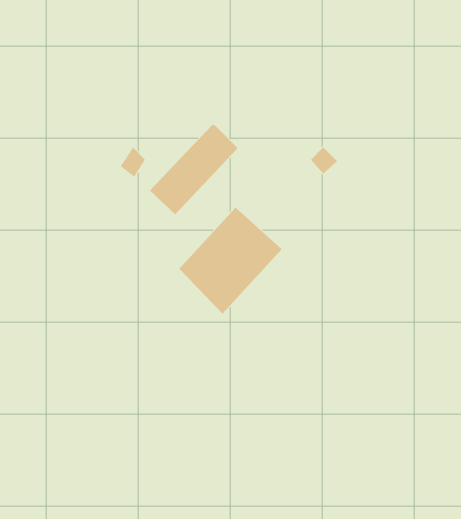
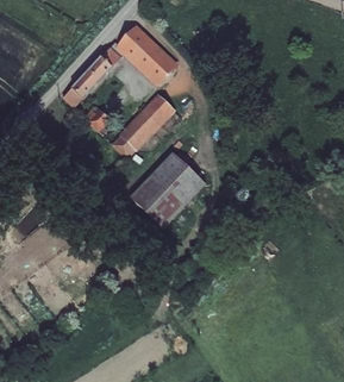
building: none -> [61,24,179,117]

